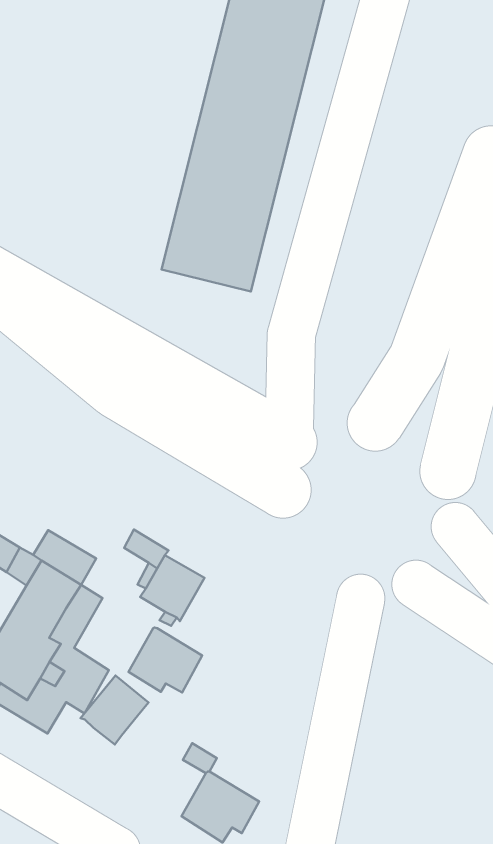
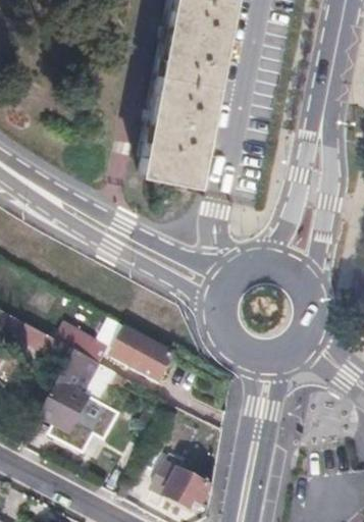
building: [128,628,202,693] -> none
building: [80,676,148,744] -> none

